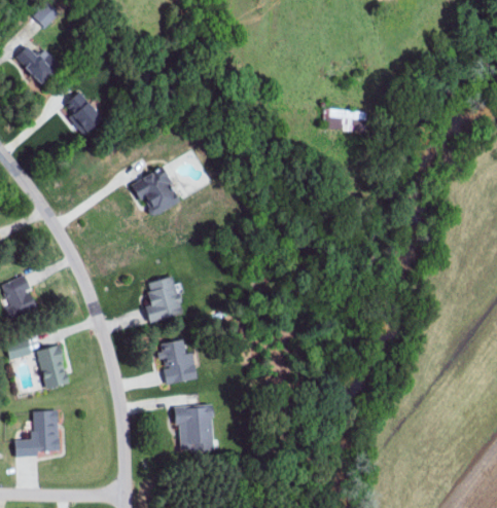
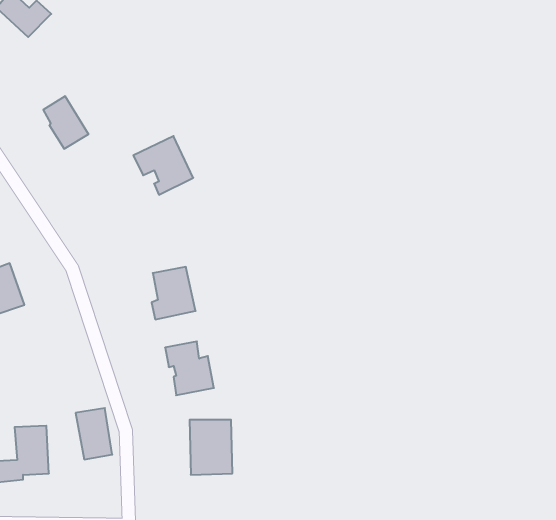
building: [64,90,102,135] -> [43,96,89,149]
building: [323,109,364,131] -> none
building: [37,346,68,389] -> [76,408,112,459]

